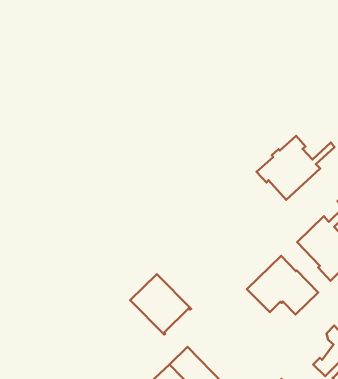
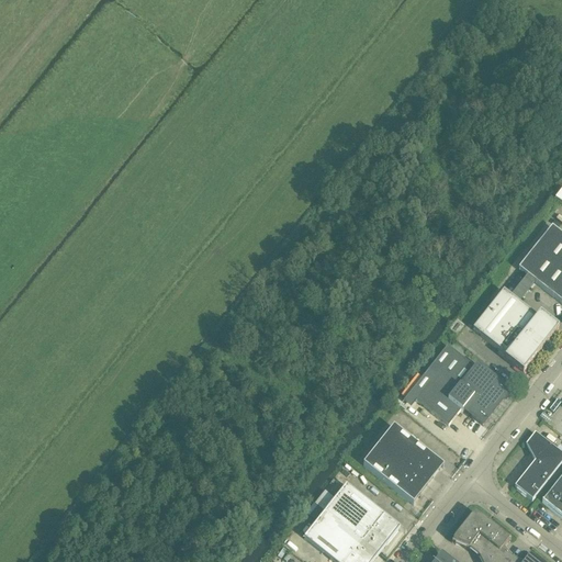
building: [257,136,334,200] -> none
building: [130,274,191,335] -> [362,423,443,501]

